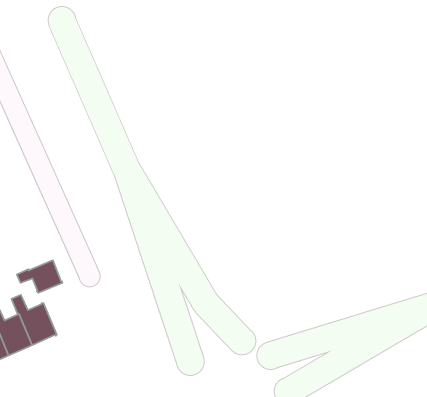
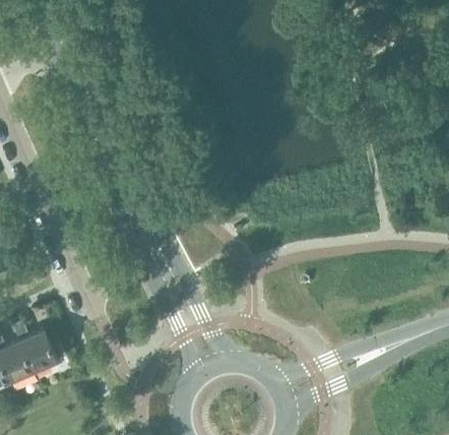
building: [17,260,62,293] -> none

